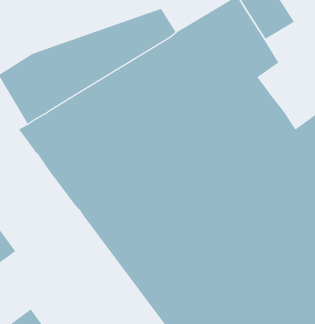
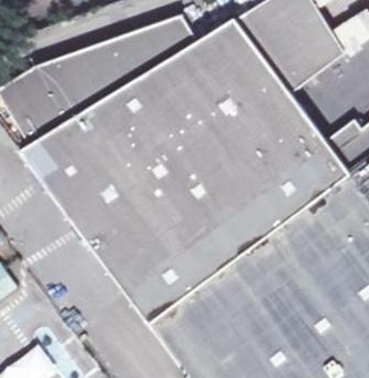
building: none -> [299,29,348,74]

